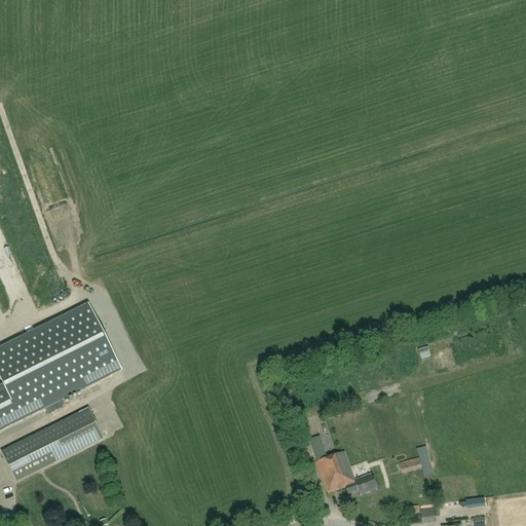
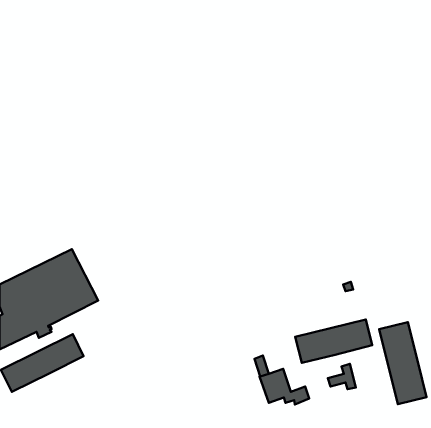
building: none -> [295,319,372,363]
building: none -> [379,322,427,404]

